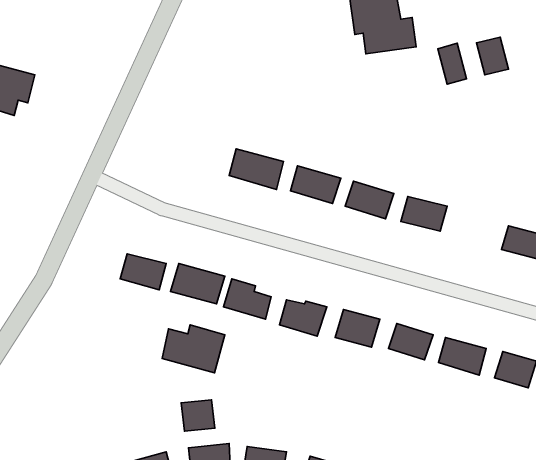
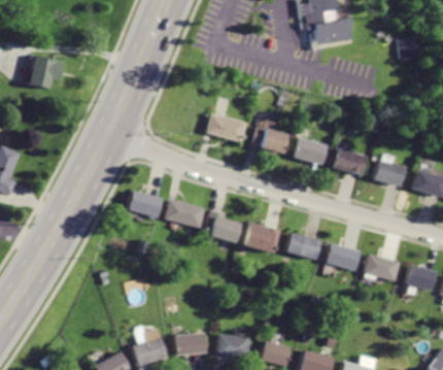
building: [438,43,466,84] -> none
building: none -> [376,160,405,186]
building: [162,325,225,373] -> none
building: [181,400,215,431] -> none

